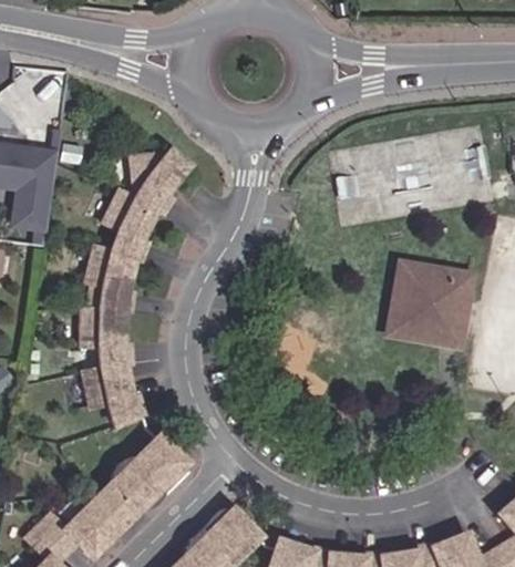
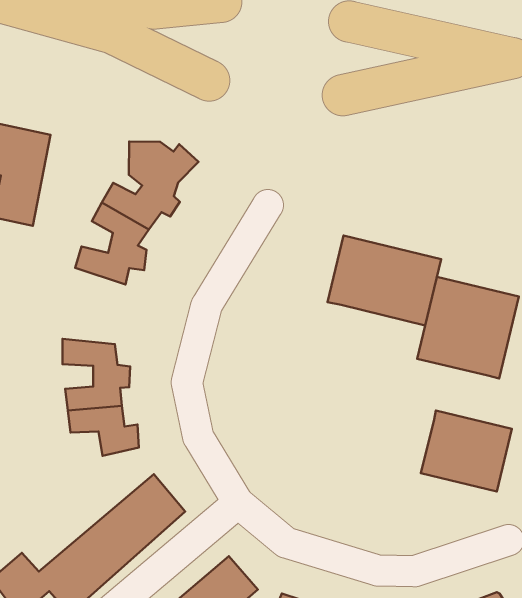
building: none -> [327,236,441,325]
building: [76,267,131,331] -> none
building: none -> [421,411,512,491]

